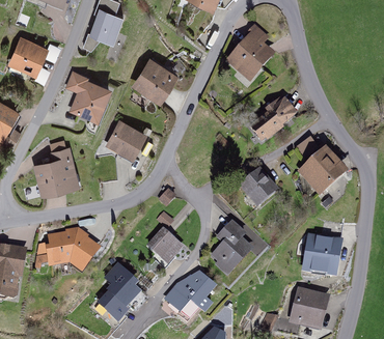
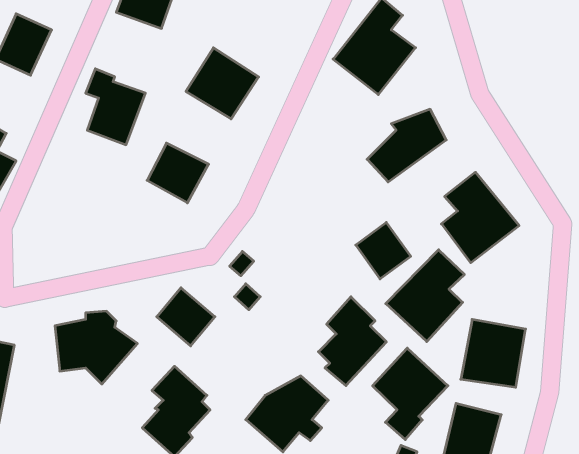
building: [30,146,76,195] -> none
building: none -> [386,250,464,342]
building: [153,228,190,265] -> [157,288,215,346]
building: none -> [373,348,448,440]

